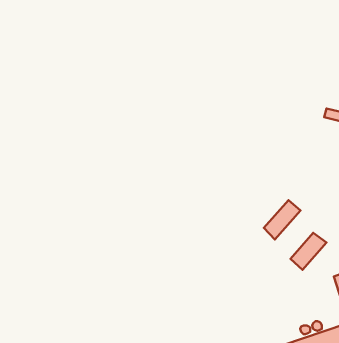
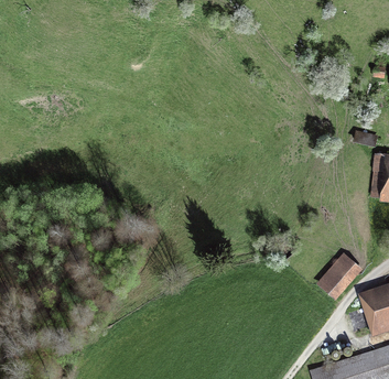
building: [264,200,300,239] -> none

